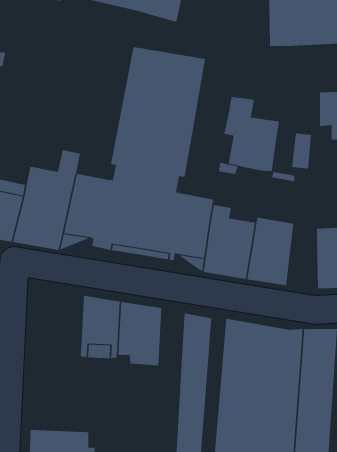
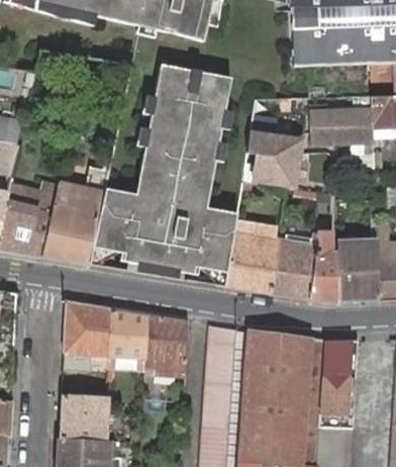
building: none -> [308,110,339,144]
building: none -> [308,230,337,301]
building: none -> [62,300,110,370]
building: none -> [59,392,107,440]

